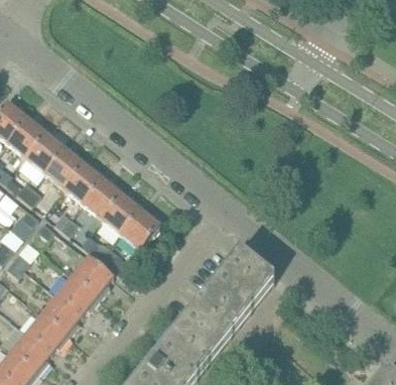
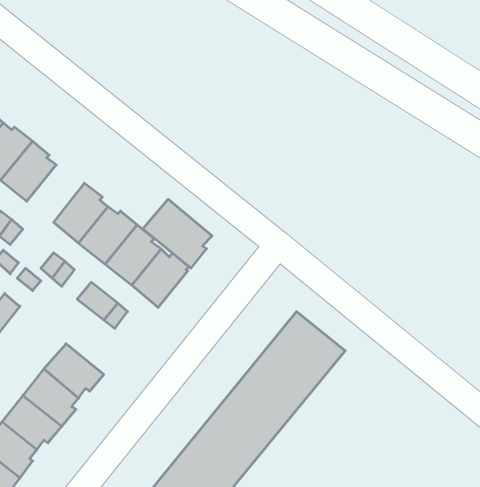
building: [43,147,85,188] -> none
building: none -> [143,199,212,268]
building: [72,257,112,298] -> none

